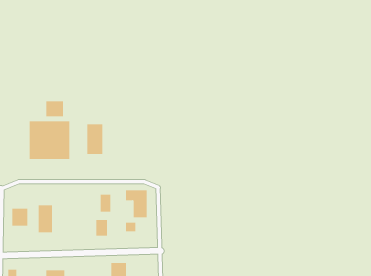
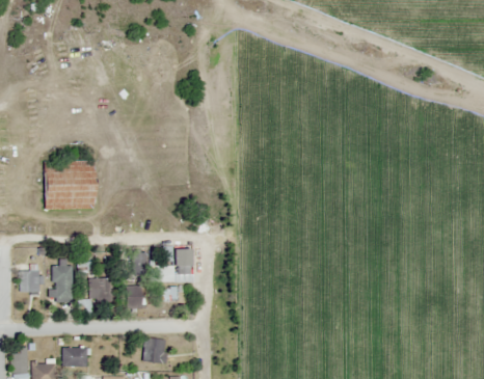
building: [46,101,63,117] -> none
building: [87,124,103,155] -> none
building: none -> [80,277,112,314]

